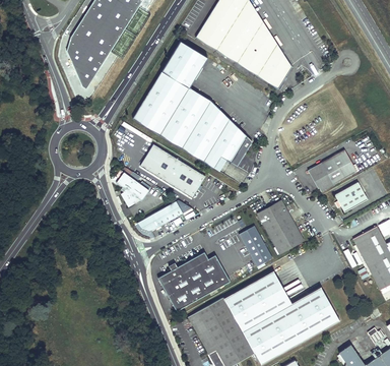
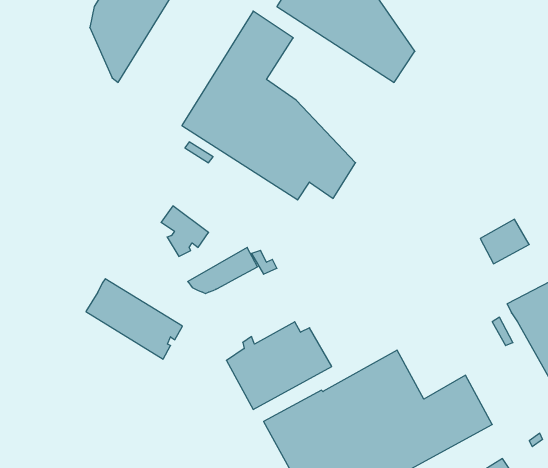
building: [140,142,206,197] -> [86,279,182,359]
building: [308,149,358,190] -> none
building: [259,200,305,254] -> none
building: [237,226,274,269] -> none

